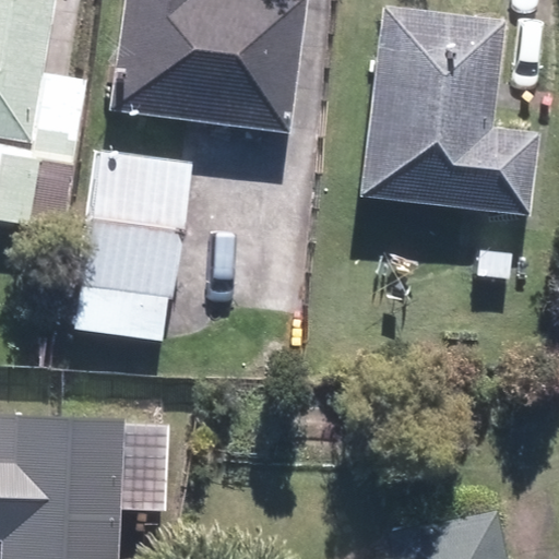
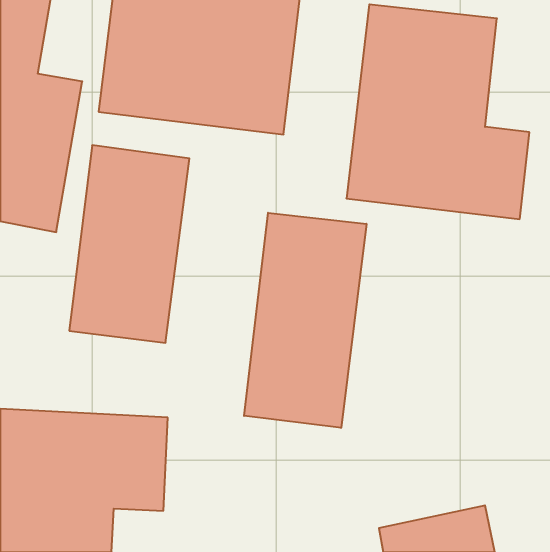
building: none -> [244,213,366,428]

